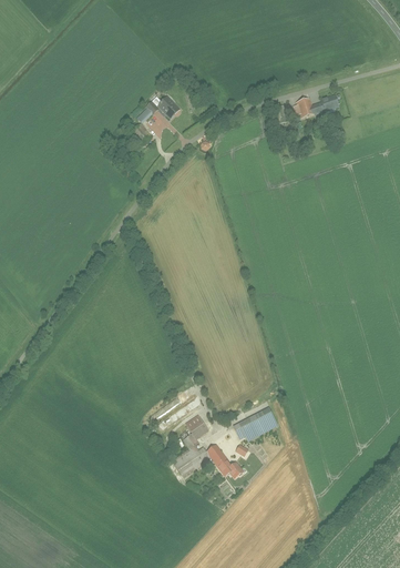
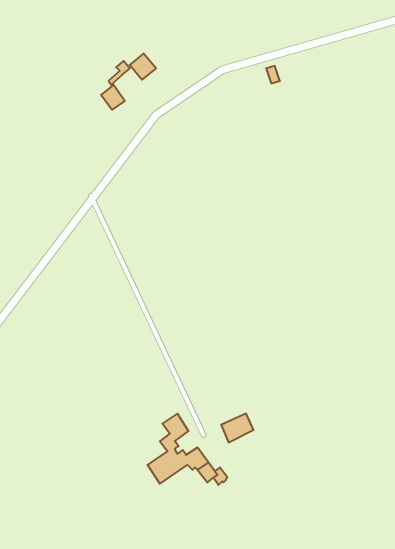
building: [298,94,339,118] -> none

